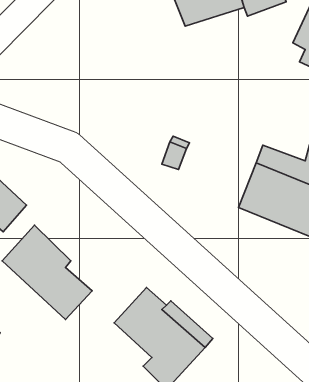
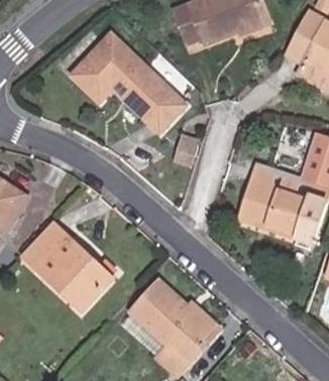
building: none -> [71,35,187,132]

